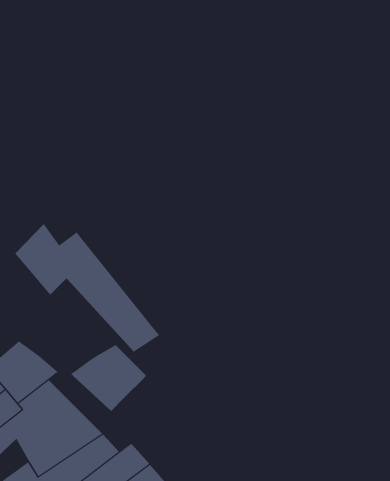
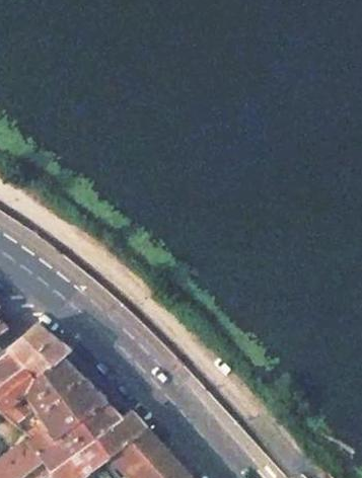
building: [15,223,160,352] -> none
building: [70,344,147,412] -> none

